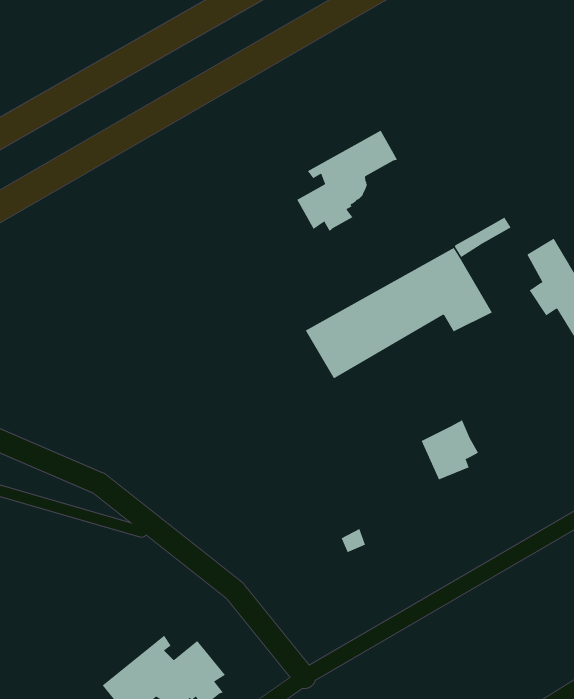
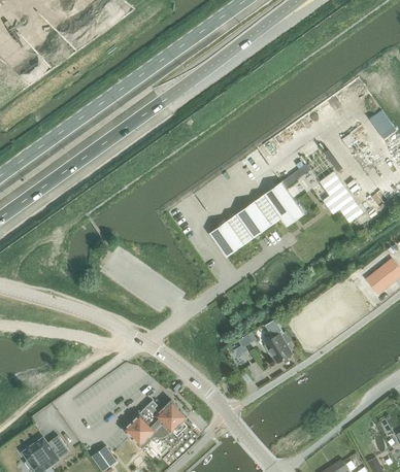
building: [296,130,398,232] -> none
building: [421,419,479,480] -> [265,330,296,363]

